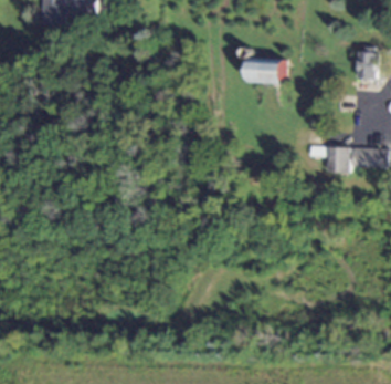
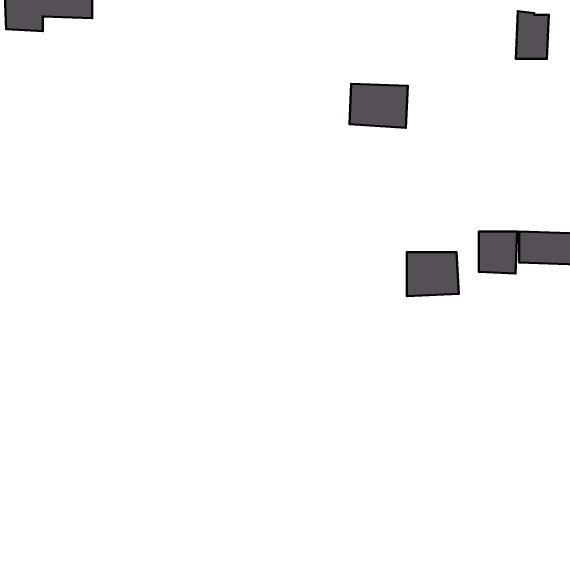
building: [357,49,377,77] -> [516,11,549,59]
building: none -> [407,252,459,296]

